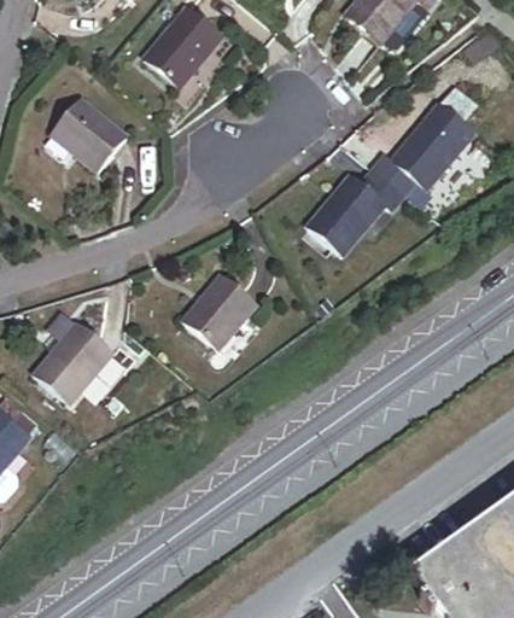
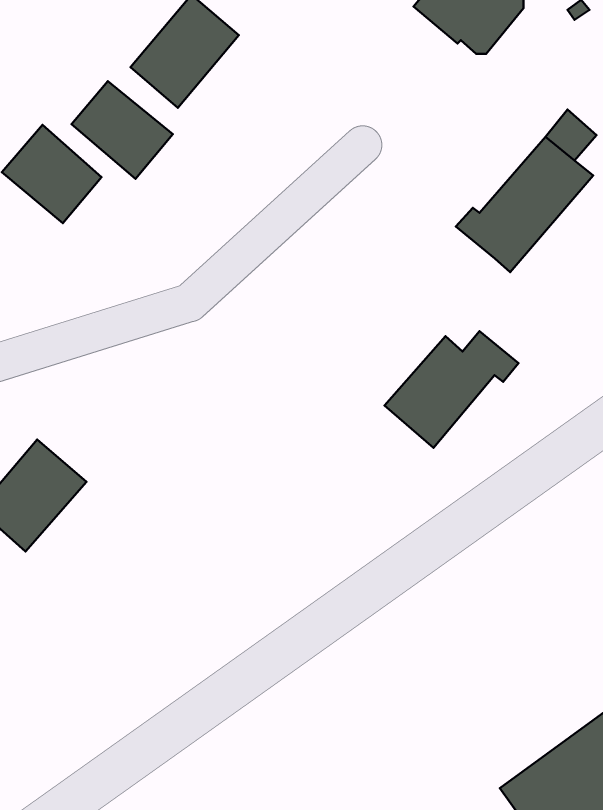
building: none -> [72,81,173,179]
building: [308,170,403,253] -> [384,331,518,448]
building: [183,275,255,348] -> none

